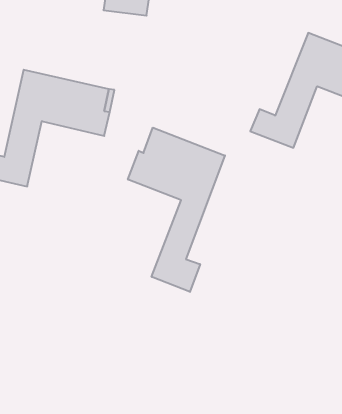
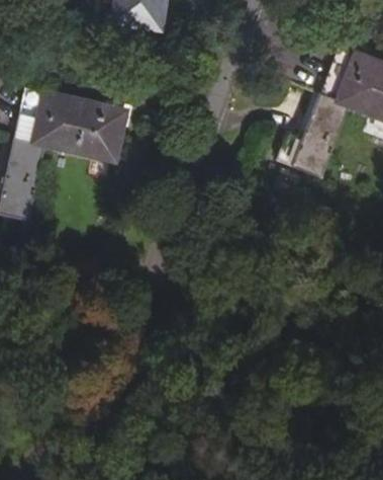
building: [128,128,225,292] -> none

